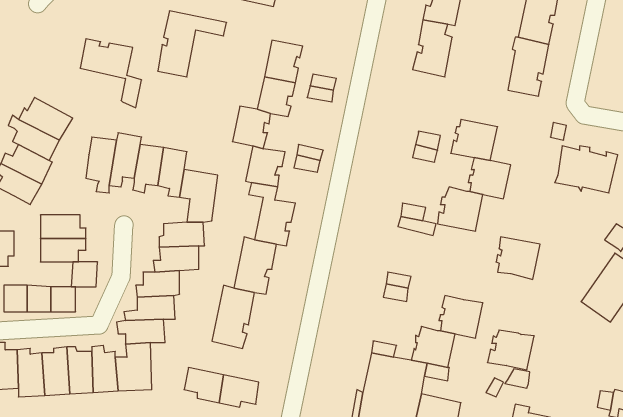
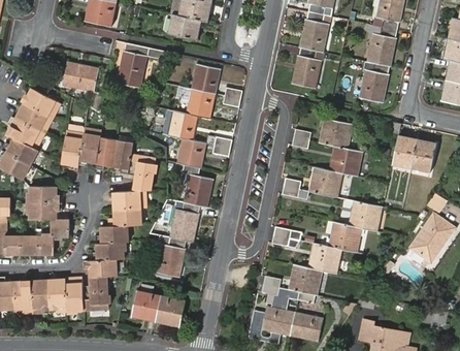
building: none -> [27,87,61,118]
building: [487,330,534,370] -> [329,223,362,251]

